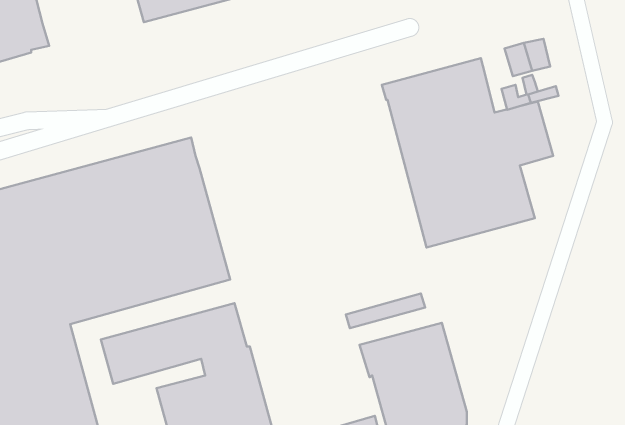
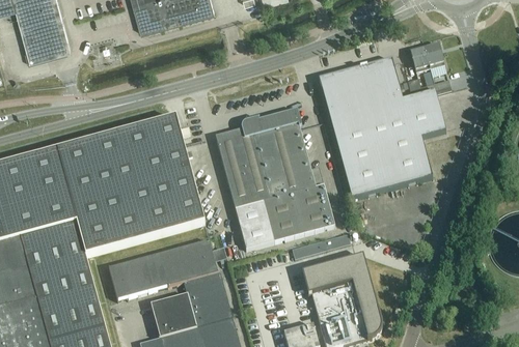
building: none -> [215,108,334,247]

